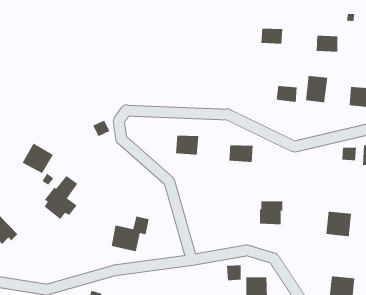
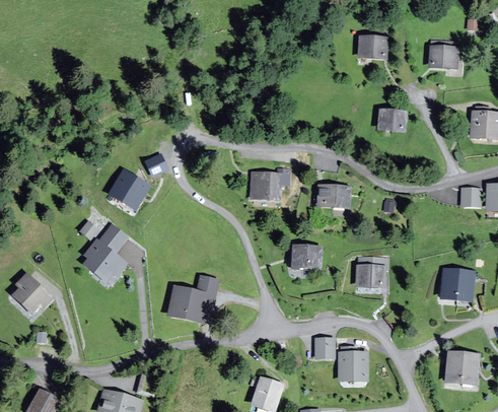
building: [305,75,328,103] -> none
building: [22,143,54,174] -> [109,168,149,208]
building: none -> [292,247,319,267]

